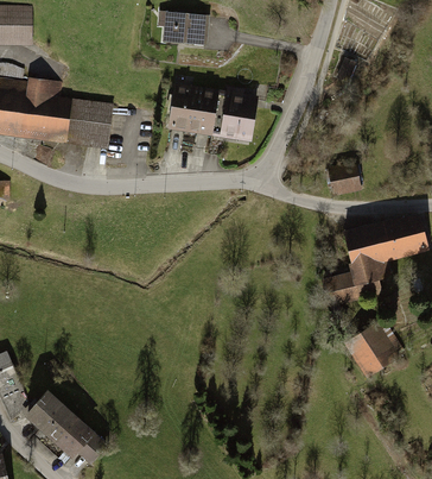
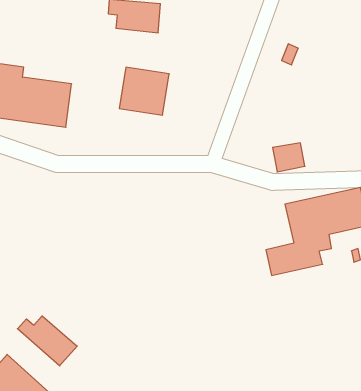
building: [211,87,259,140] -> none
building: [344,322,401,378] -> none
building: none -> [17,316,77,366]

